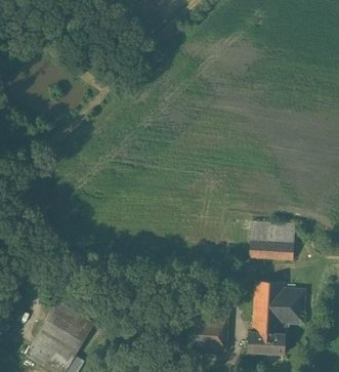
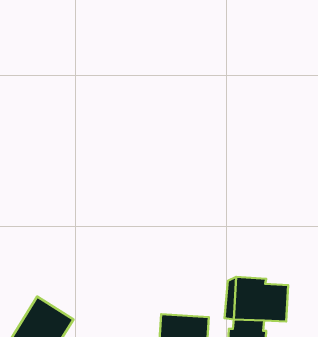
building: [249,222,295,260] -> none

